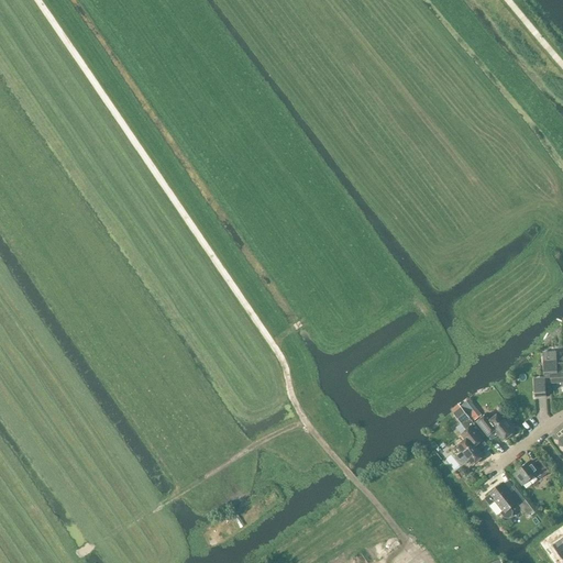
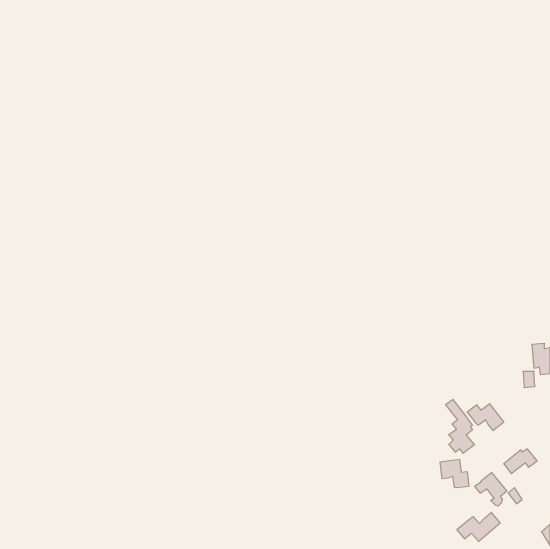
building: none -> [440,459,469,488]
building: none -> [457,512,500,542]

